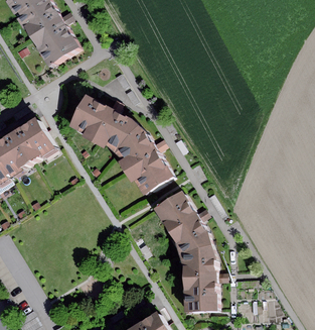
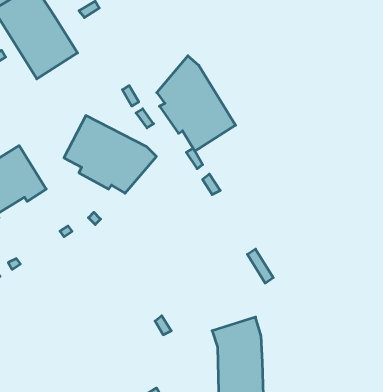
building: [115,125,173,196] -> [157,56,236,151]
building: [154,192,211,254] -> none

